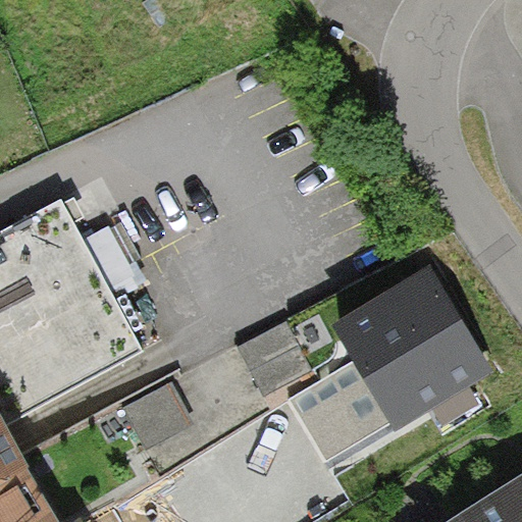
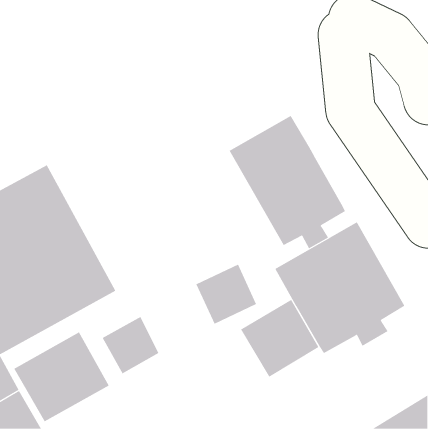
building: none -> [229,115,346,249]
building: none -> [13,331,109,422]

